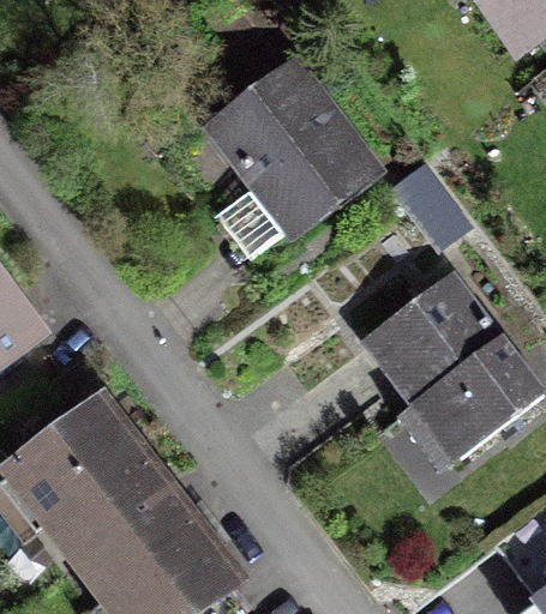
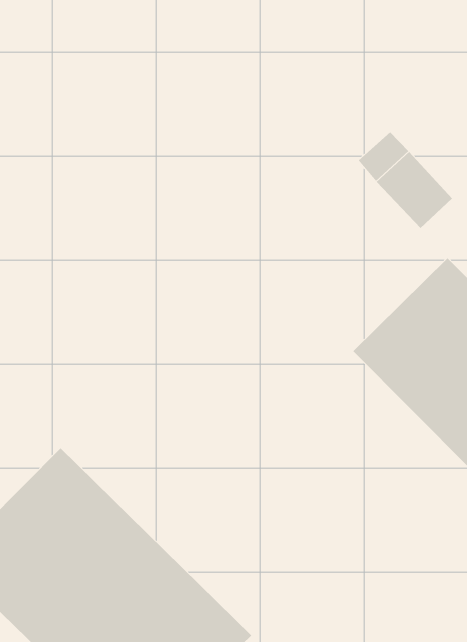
building: [206,55,380,233] -> none

